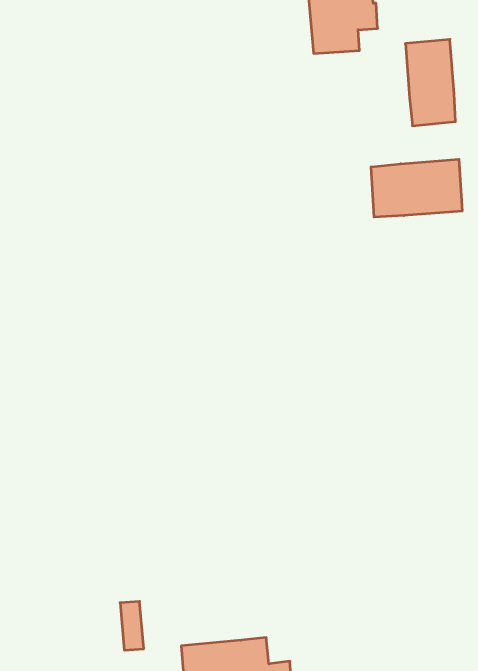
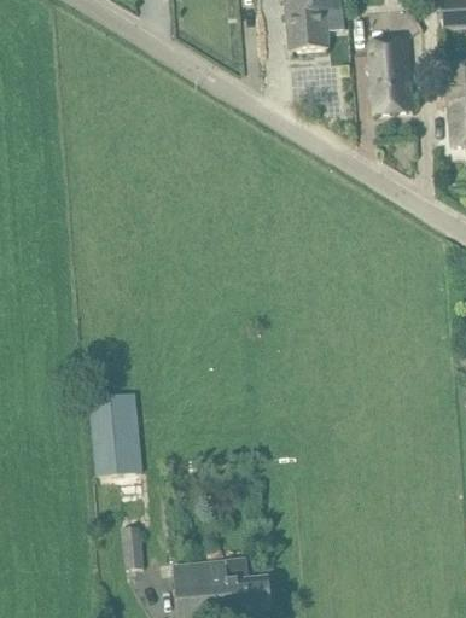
building: [371,159,462,217] -> none
building: none -> [89,391,142,472]

